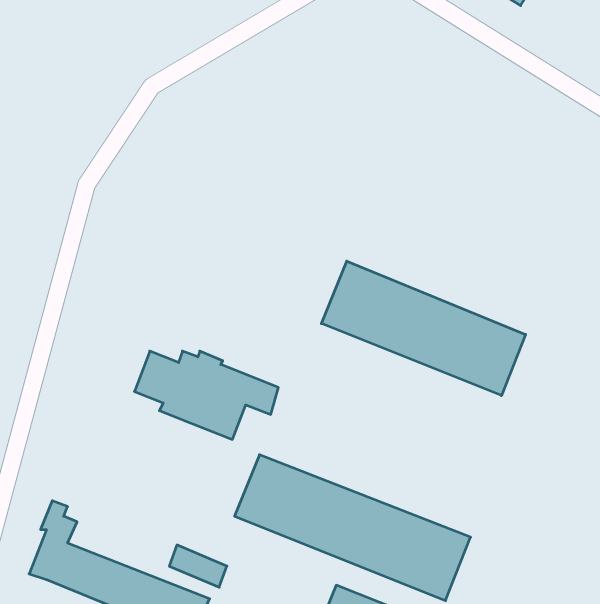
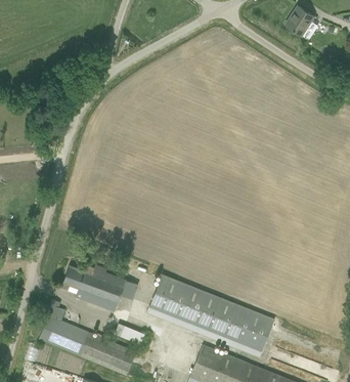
building: [321,261,526,396] -> none
building: [134,351,278,439] -> [60,265,137,312]

